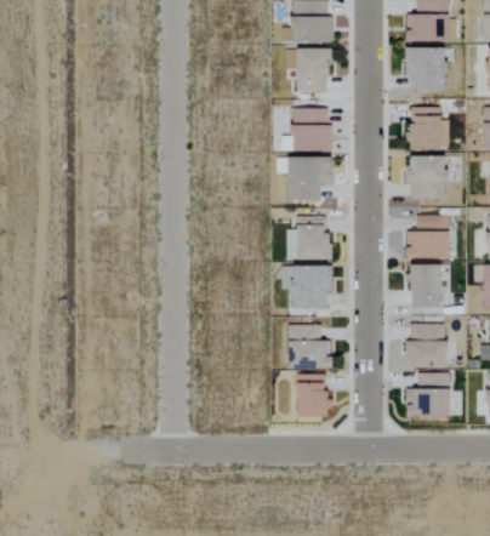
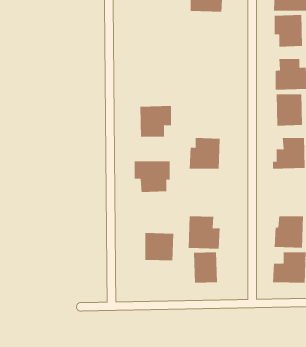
building: [294,47,330,93] -> none
building: [289,107,334,152] -> none
building: [286,156,331,200] -> [139,106,172,137]
building: [406,264,440,308] -> none
building: [283,266,334,309] -> [134,161,171,192]
building: none -> [145,232,174,261]

